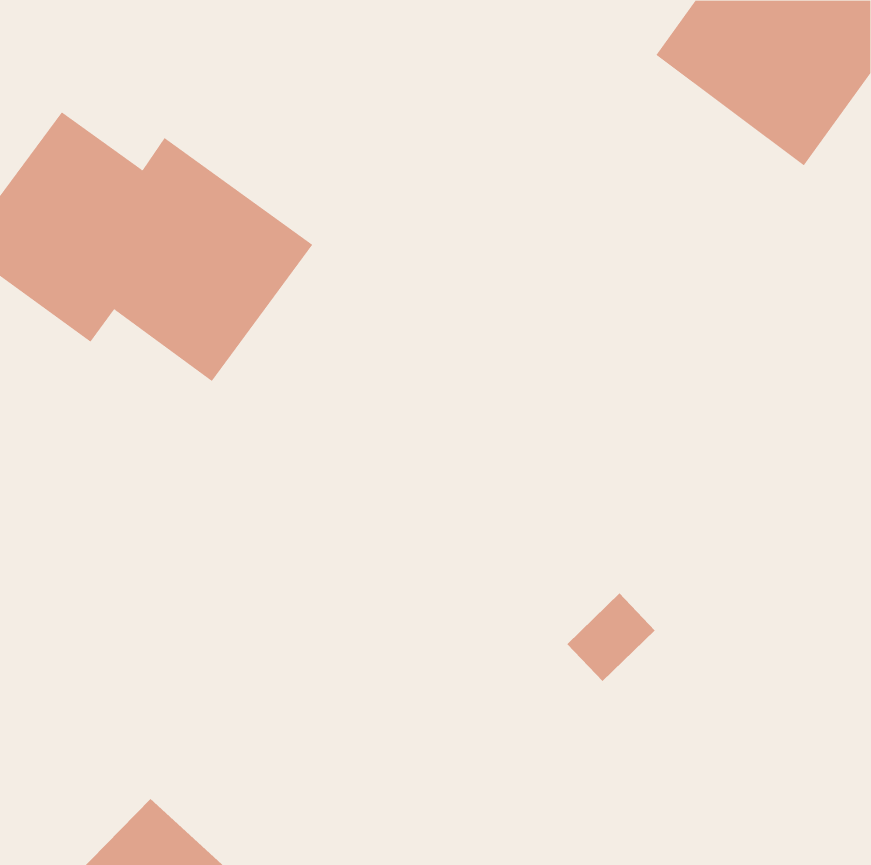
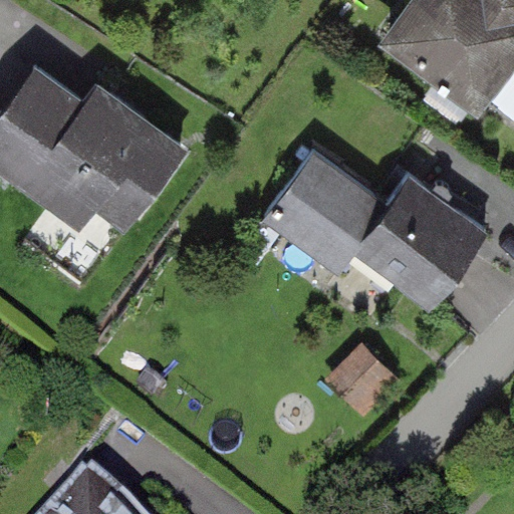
building: none -> [264,152,488,308]

